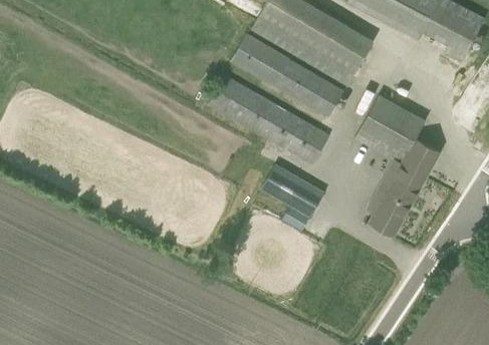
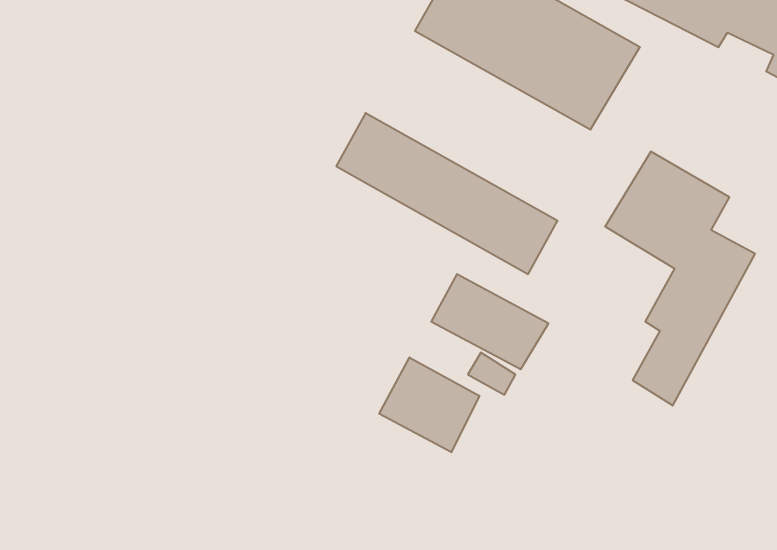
building: [231,33,343,116] -> none
building: none -> [379,357,479,452]

